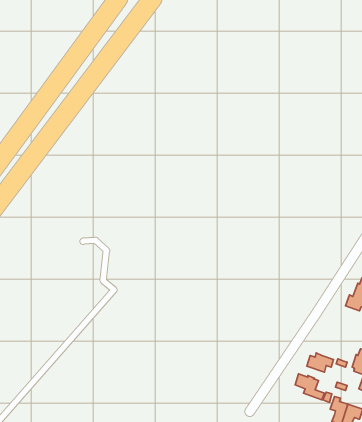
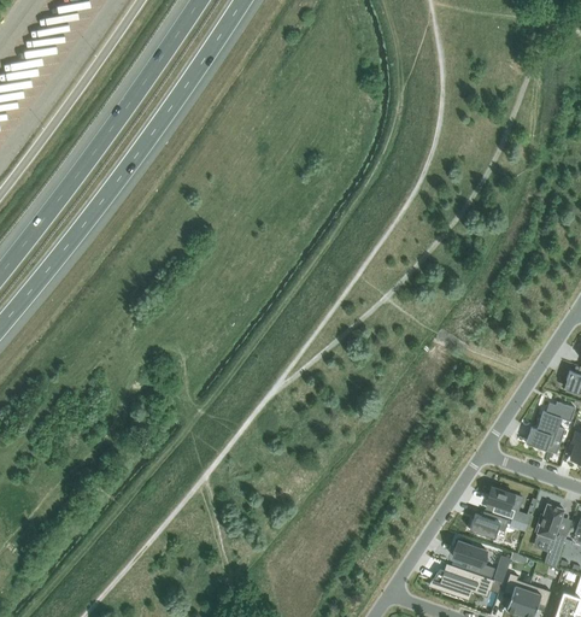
building: none -> [486,487,515,519]
building: none -> [433,564,494,598]

